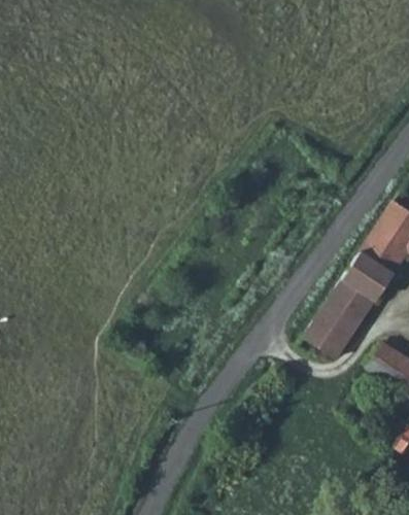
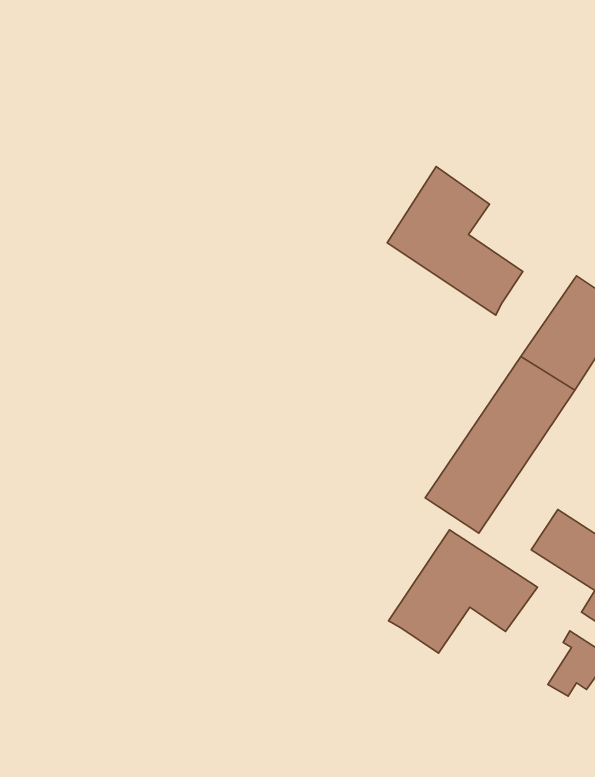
building: none -> [387,167,523,315]
building: none -> [388,530,537,653]

